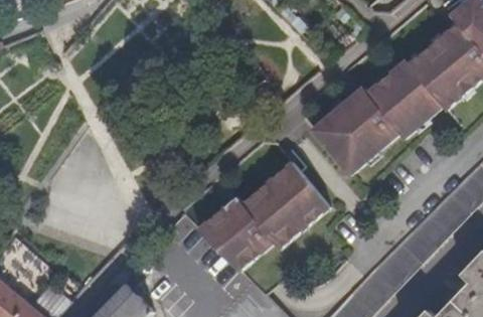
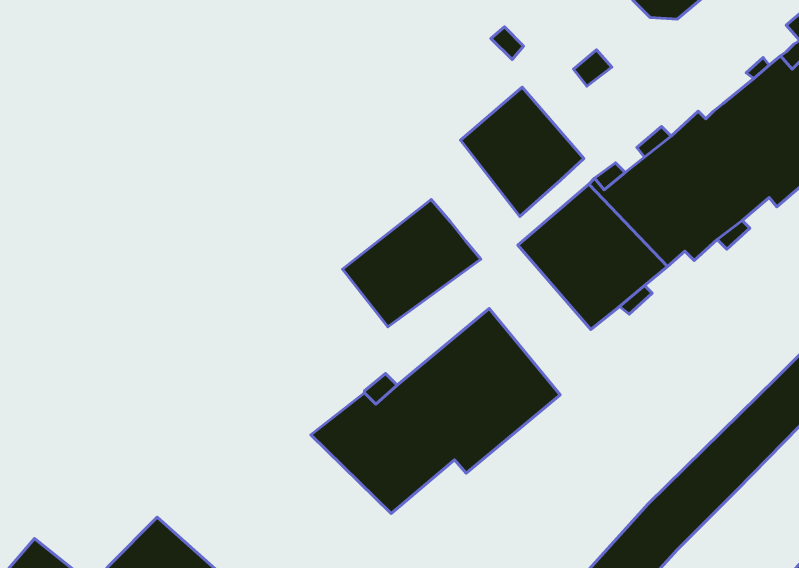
building: none -> [460,87,584,216]
building: none -> [343,200,481,327]

